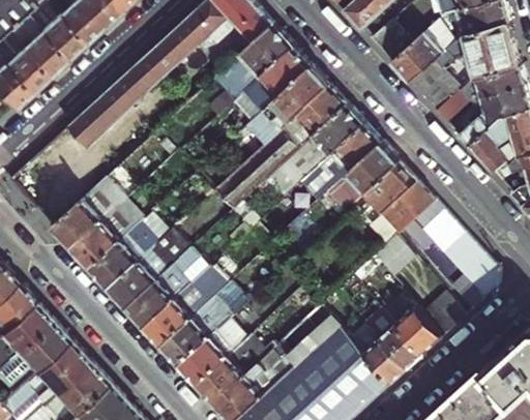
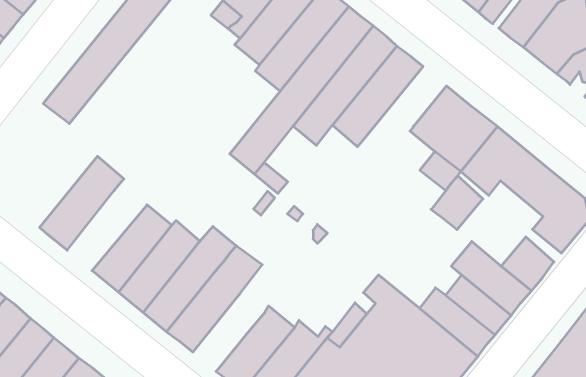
building: [329,146,400,213] -> none
building: [71,200,145,270] -> none
building: [160,284,247,367] -> none

